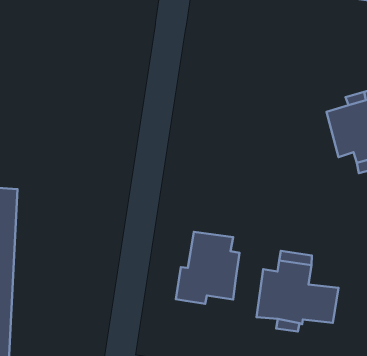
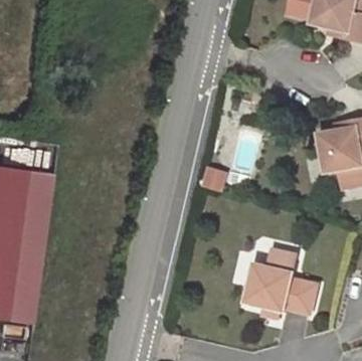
building: [176,232,240,304] -> none

